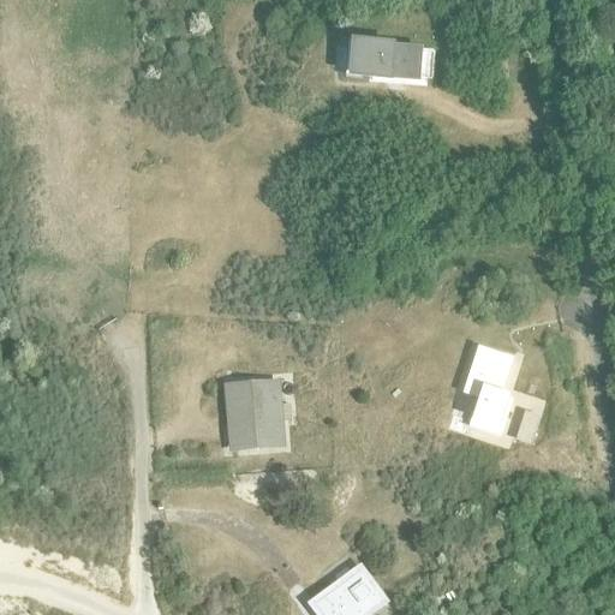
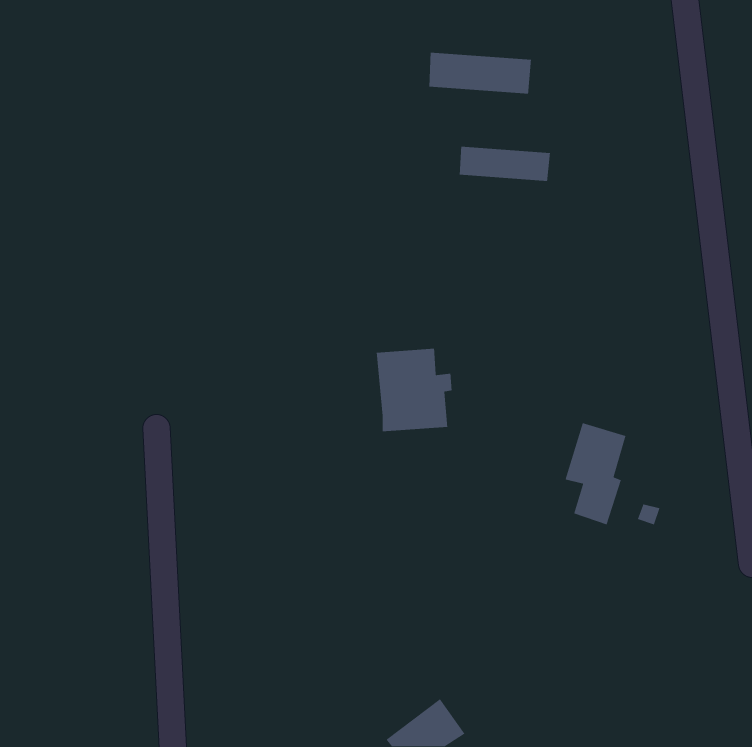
building: none -> [459,146,551,182]
building: [226,381,288,449] -> [376,348,453,432]

